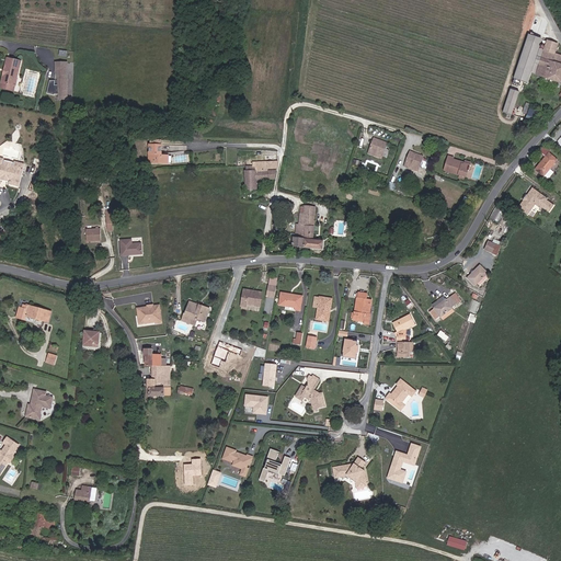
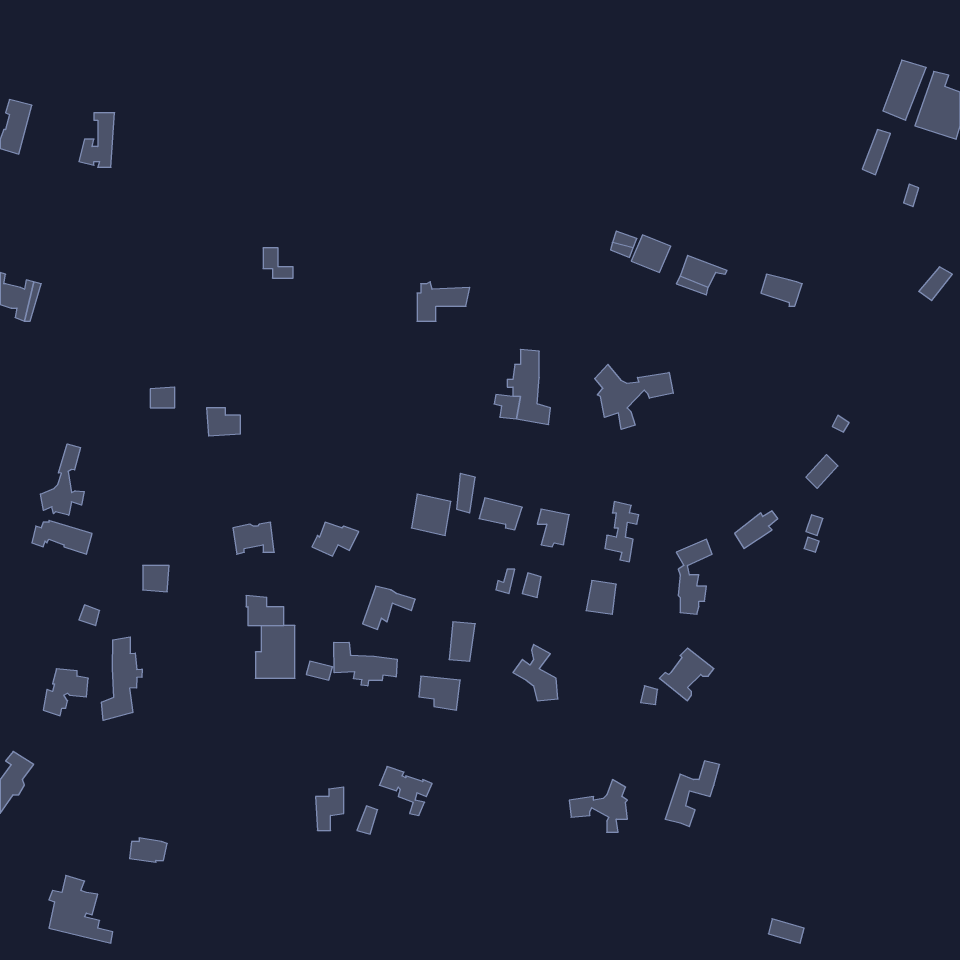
building: [517,187,553,215] -> none
building: none -> [595,364,673,429]
building: none -> [40,444,84,515]
building: none -> [102,637,142,720]
building: none -> [334,642,397,686]
building: [259,448,290,481] -> none

